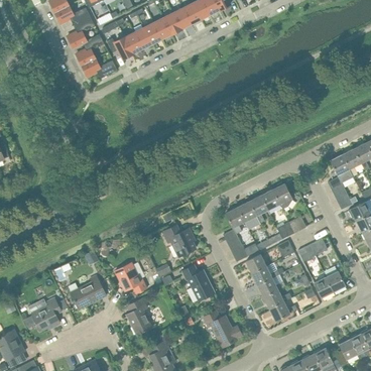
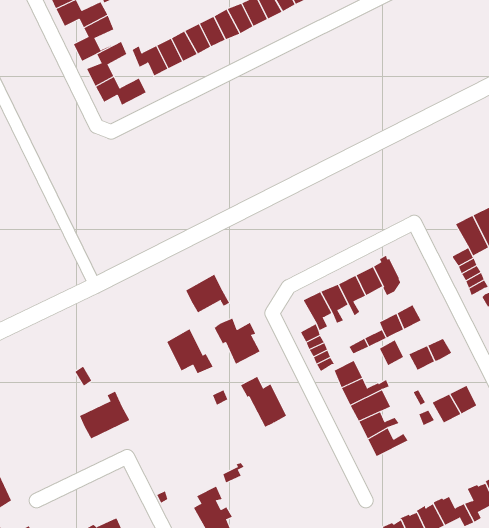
building: none -> [186,274,230,313]
building: [115,262,147,293] -> [167,329,213,374]
building: [31,298,60,330] -> none
building: [127,298,151,335] -> none
building: [203,311,241,348] -> none

